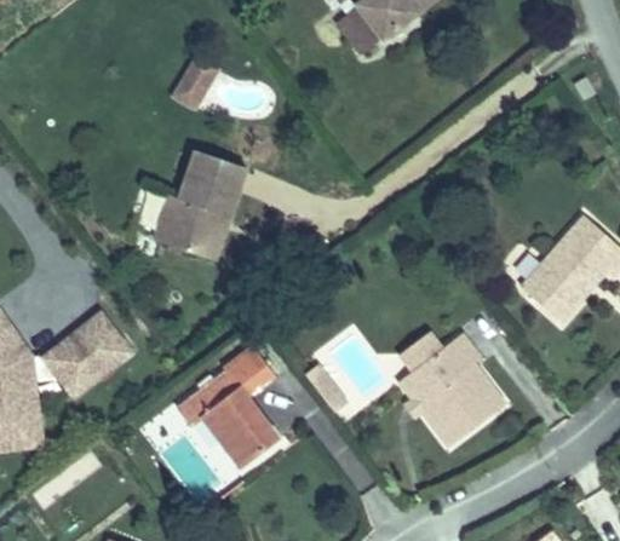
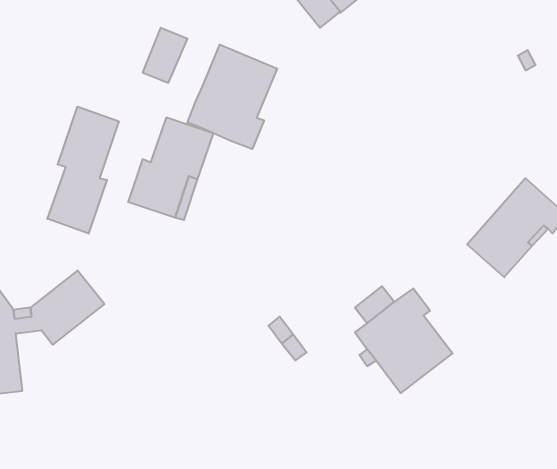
building: none -> [187,45,277,149]
building: none -> [47,107,119,234]
building: [177,346,279,468] -> none

